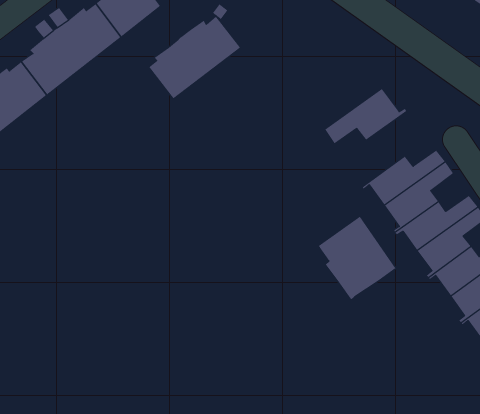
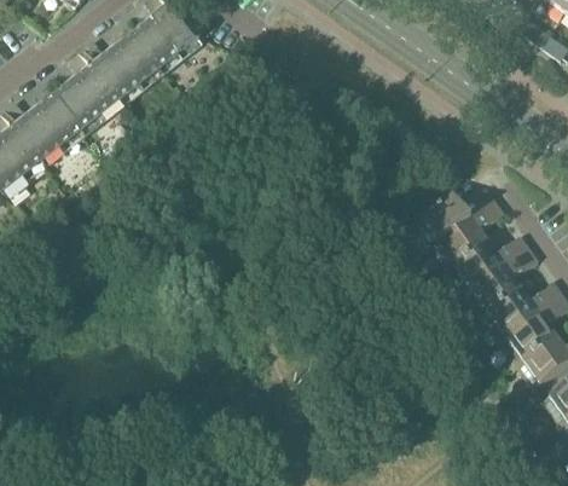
building: [148,16,241,99] -> none
building: [324,88,407,144] -> none
building: [318,216,396,300] -> none

